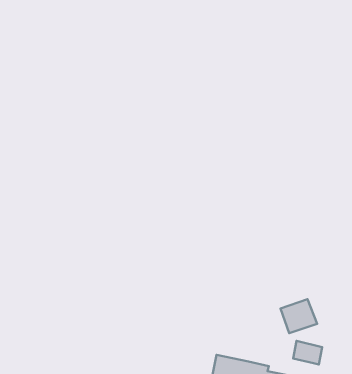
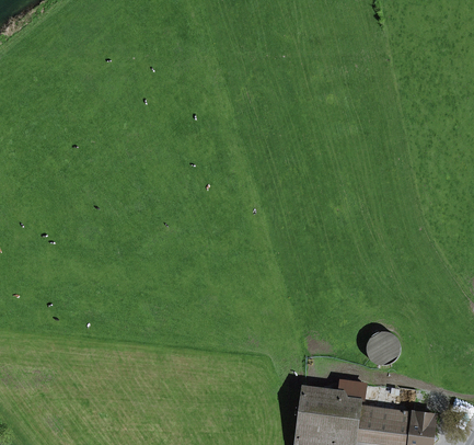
building: [293,341,322,364] -> [336,378,366,401]

